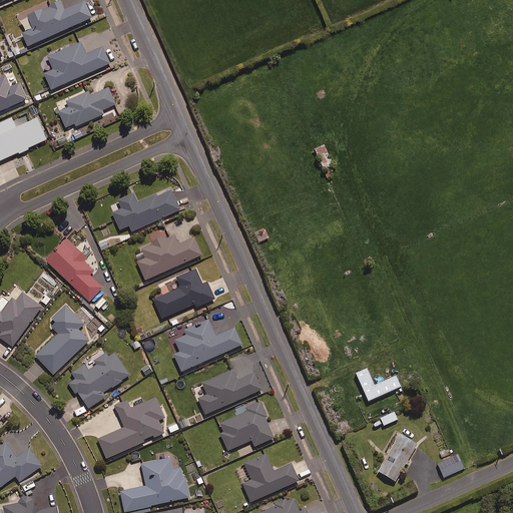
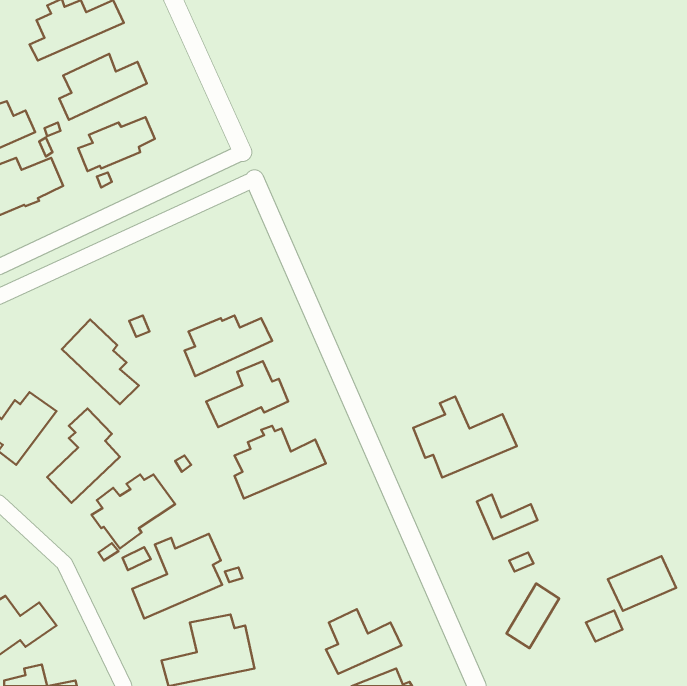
building: [112,188,180,230] -> none
building: none -> [413,396,517,478]
building: [198,369,263,414] -> none
building: [220,400,274,450] -> none
building: none -> [608,556,676,611]

